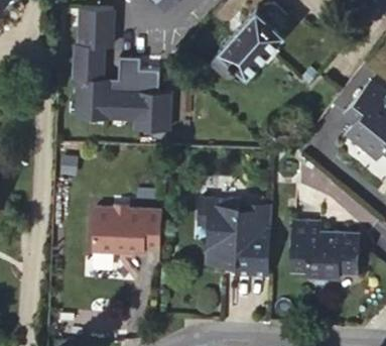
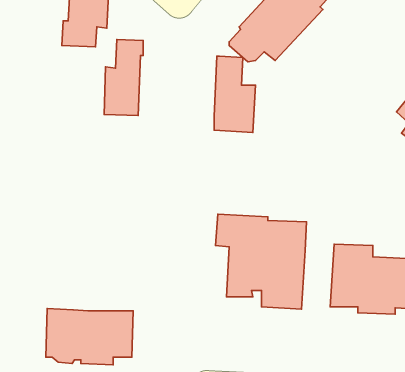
building: [75,63,110,118] -> none
building: [136,71,169,132] -> [214,56,255,133]
building: [91,208,161,253] -> [46,308,133,365]

